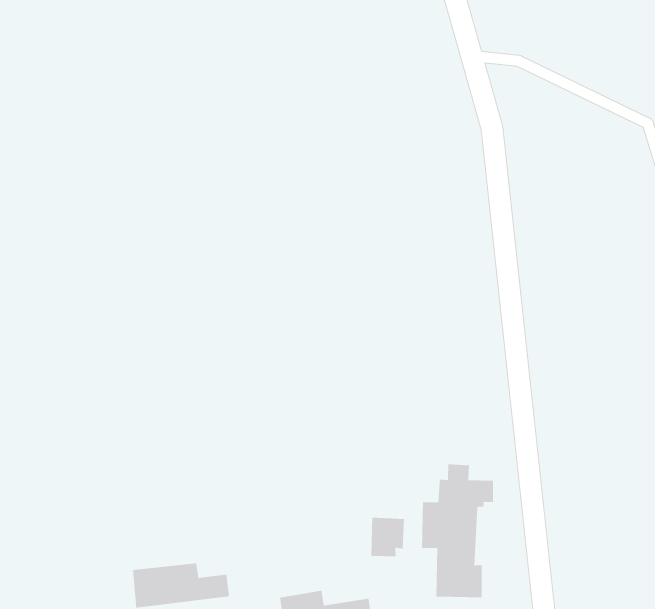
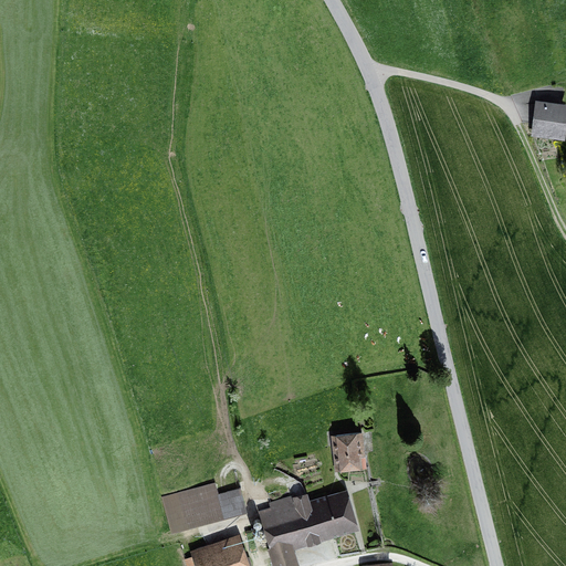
building: [421,463,494,598] -> none

